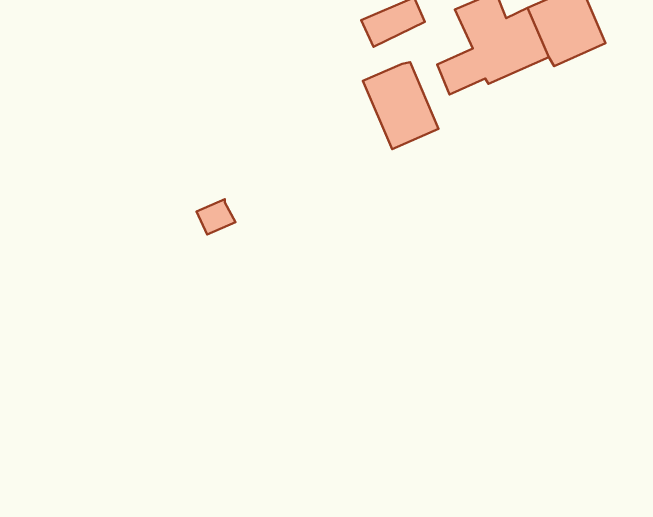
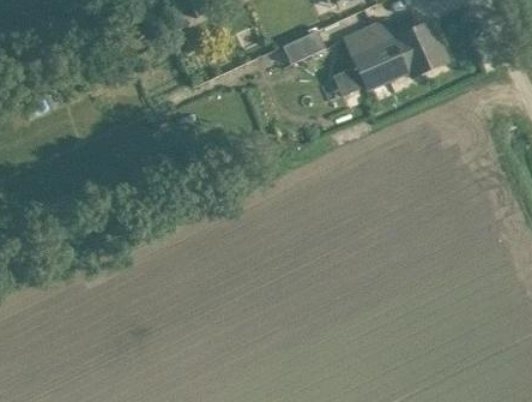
building: [363,62,438,149] -> none

